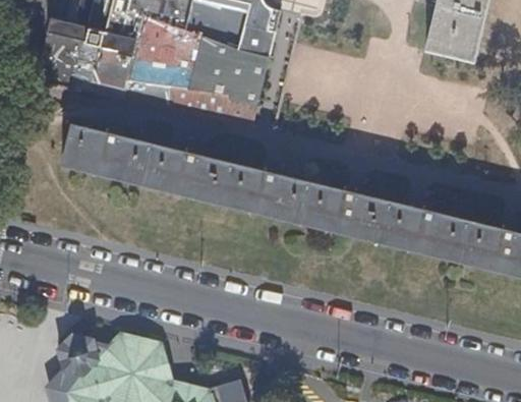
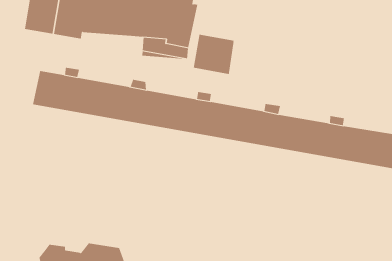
building: none -> [193,34,234,75]

